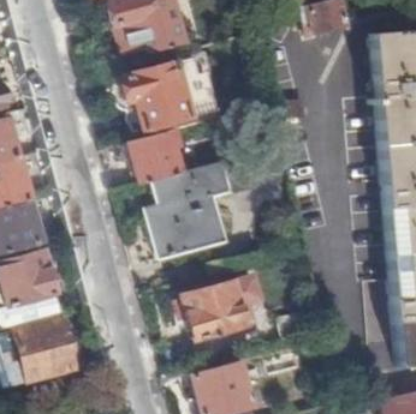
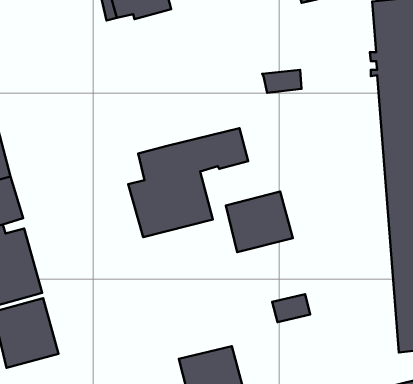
building: [121,56,216,132] -> none
building: [126,130,180,184] -> none
building: [182,282,245,340] -> [226,191,293,252]

